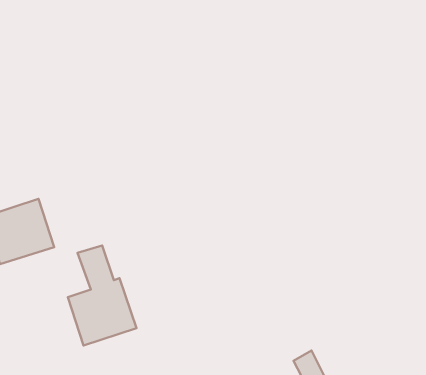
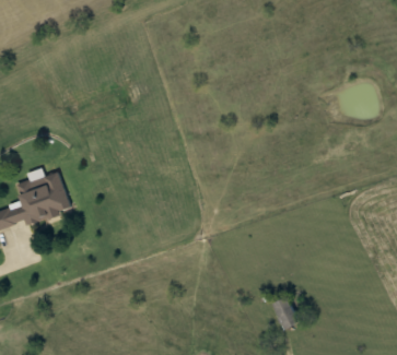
building: [68,245,137,345] -> none

